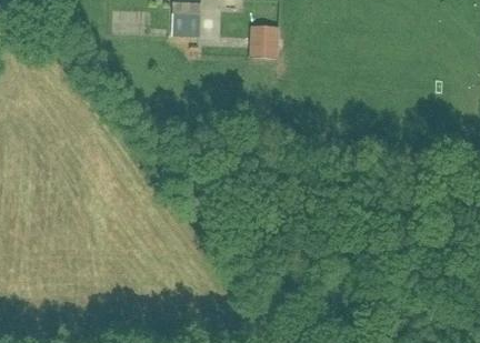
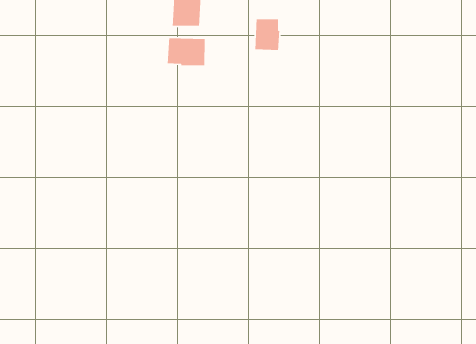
building: none -> [167,37,206,66]

